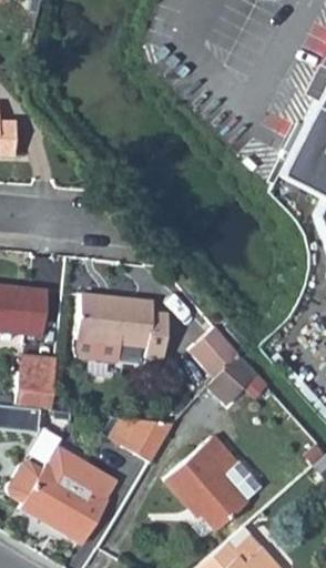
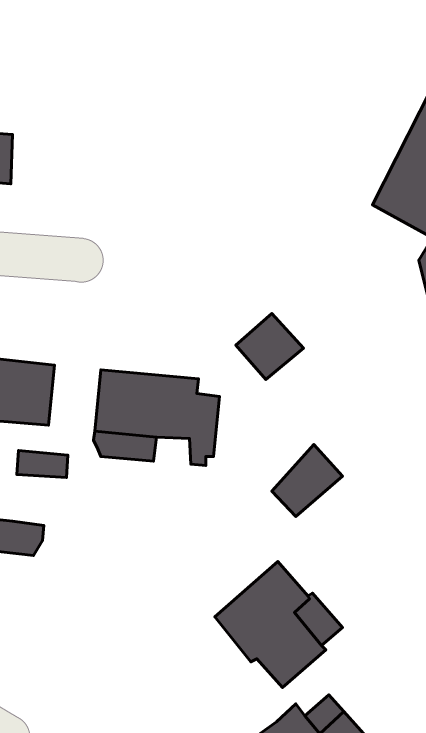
building: [190,324,240,373] -> [236,314,303,380]
building: [17,372,57,410] -> none
building: [122,418,174,463] -> none
building: [13,446,116,544] -> none

